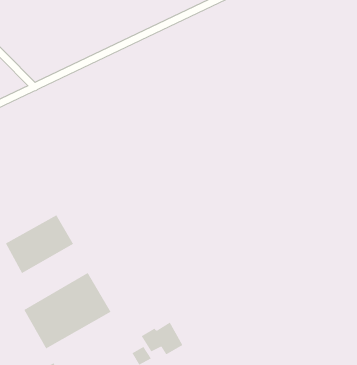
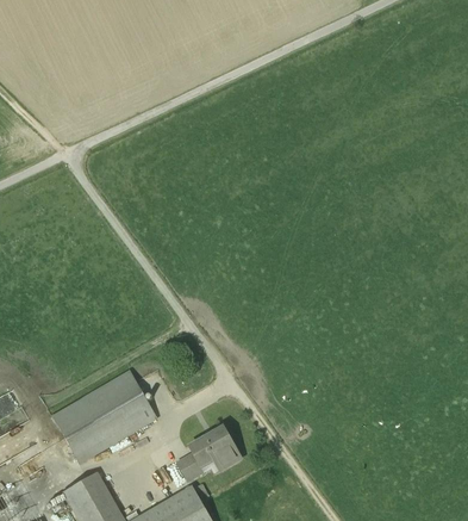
building: [5,214,74,274] -> none

